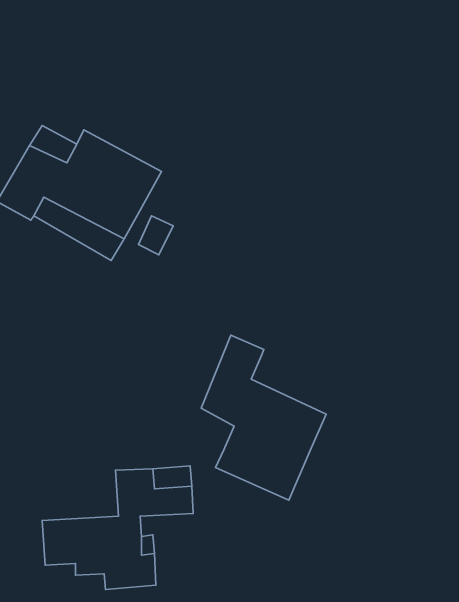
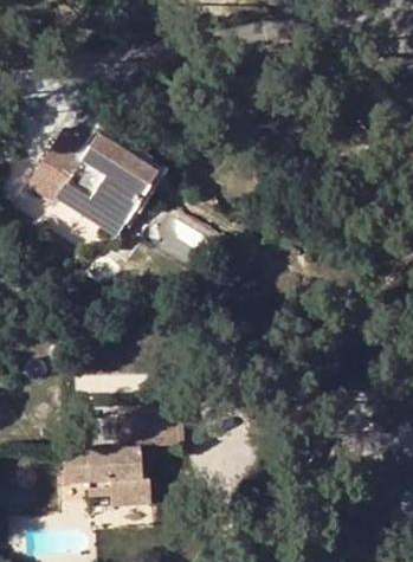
building: [201,335,326,500] -> none

